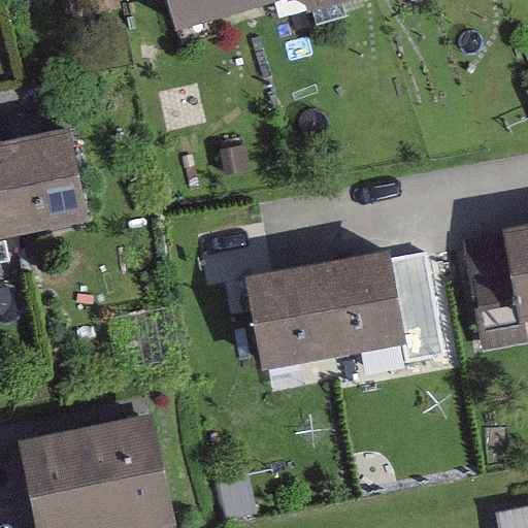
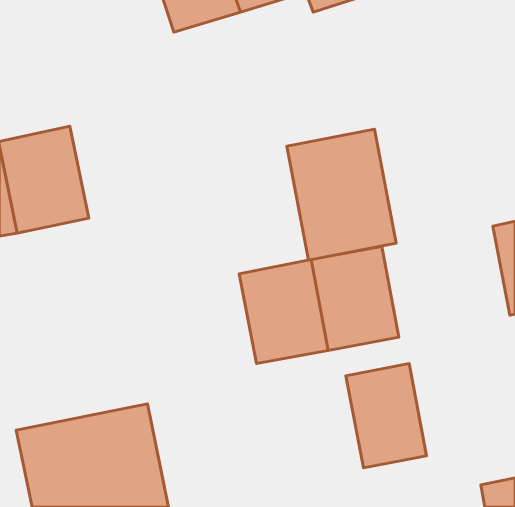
building: none -> [287,129,396,260]
building: none -> [346,364,427,468]

